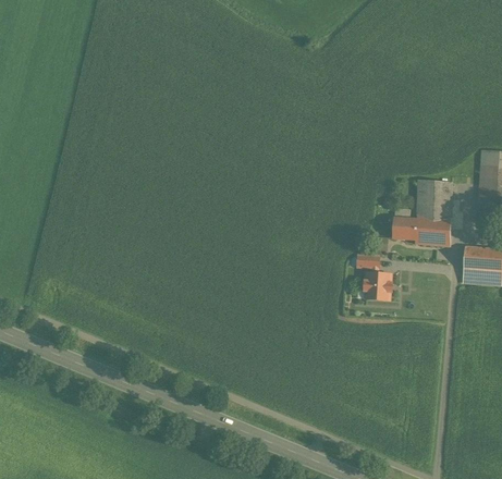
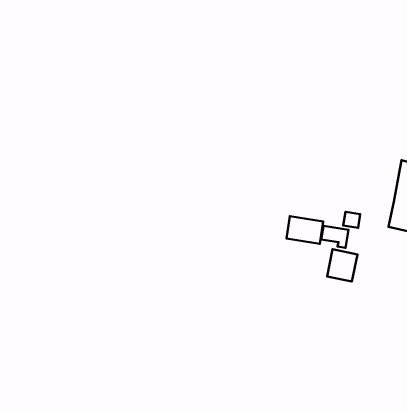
building: [392,209,416,241] -> none
building: none -> [286,216,323,244]

